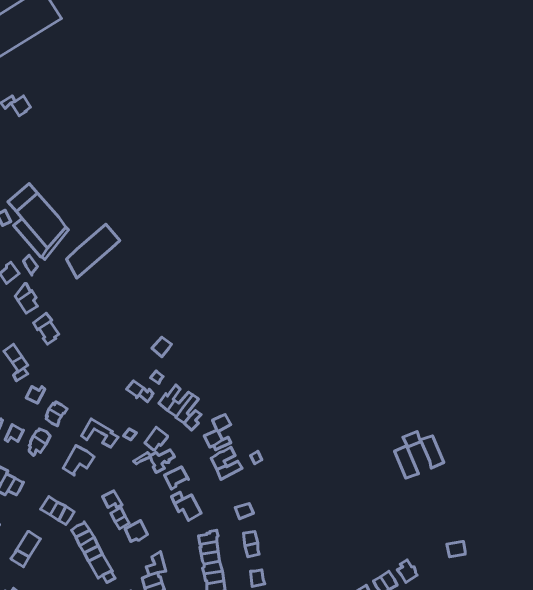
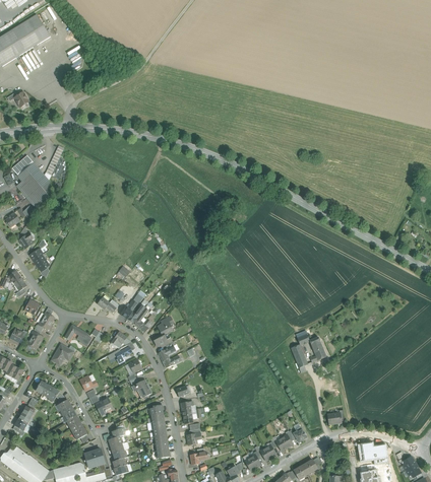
building: [67,224,120,278] -> none

